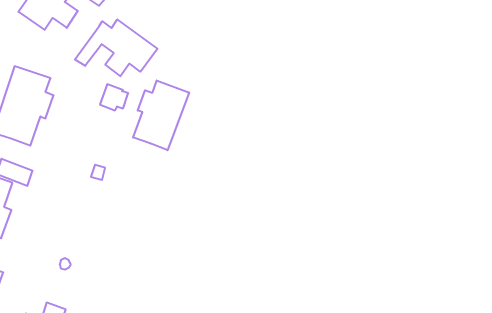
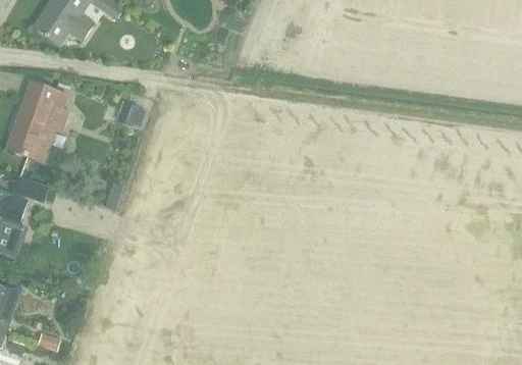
building: [75,19,157,76] -> none
building: [133,80,189,150] -> none

